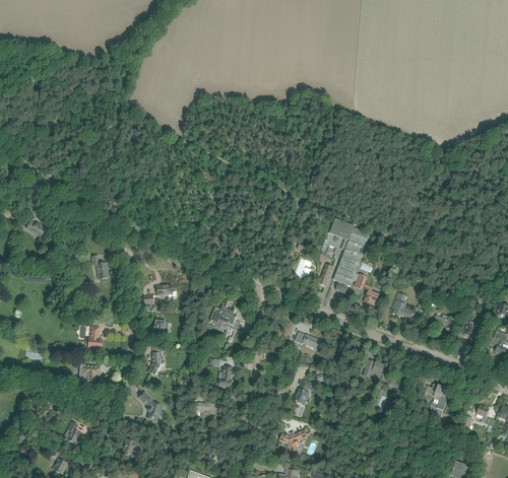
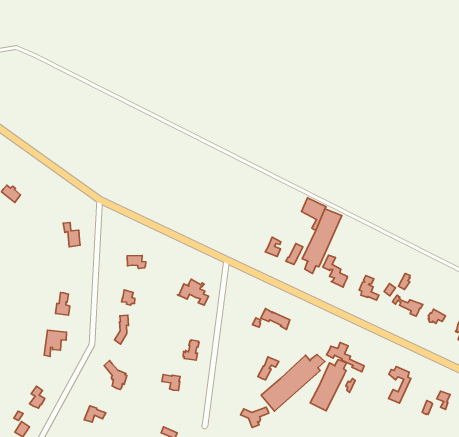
building: none -> [261,355,325,411]
building: none -> [310,360,347,411]

